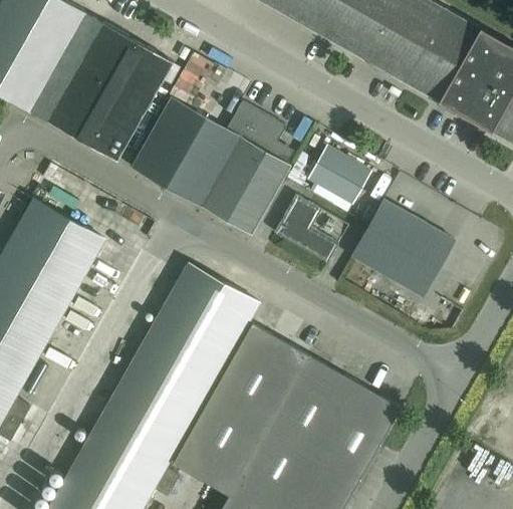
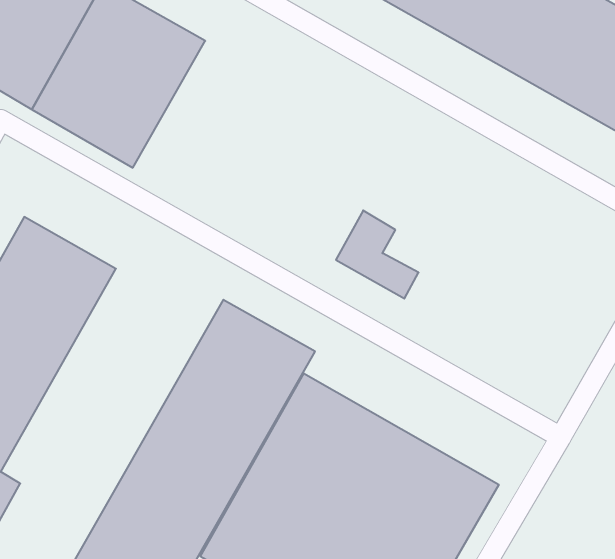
building: [131,96,290,235] -> none
building: [308,146,369,204] -> none
building: [350,200,454,296] -> none

